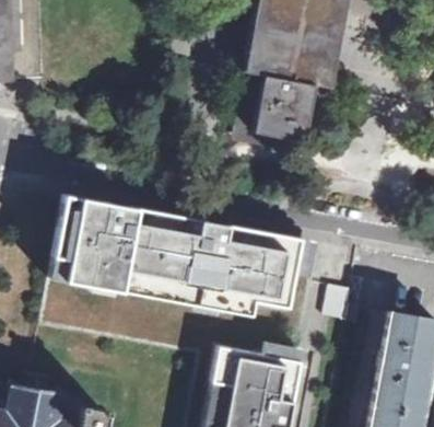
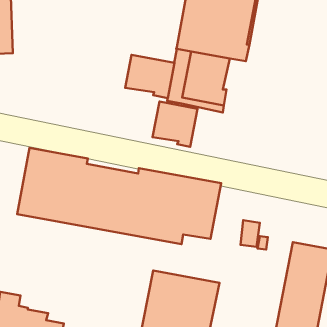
building: none -> [125,55,174,98]
building: none -> [153,102,198,147]

